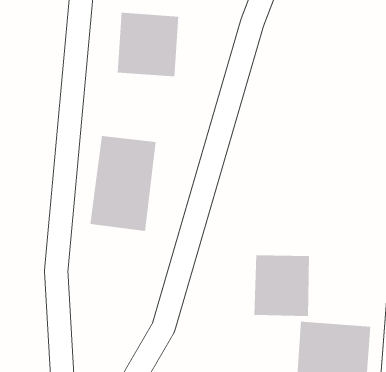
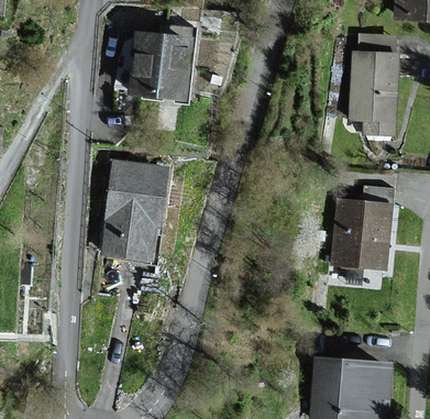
building: none -> [351,54,394,135]
building: [253,255,310,316] -> [335,201,395,266]

